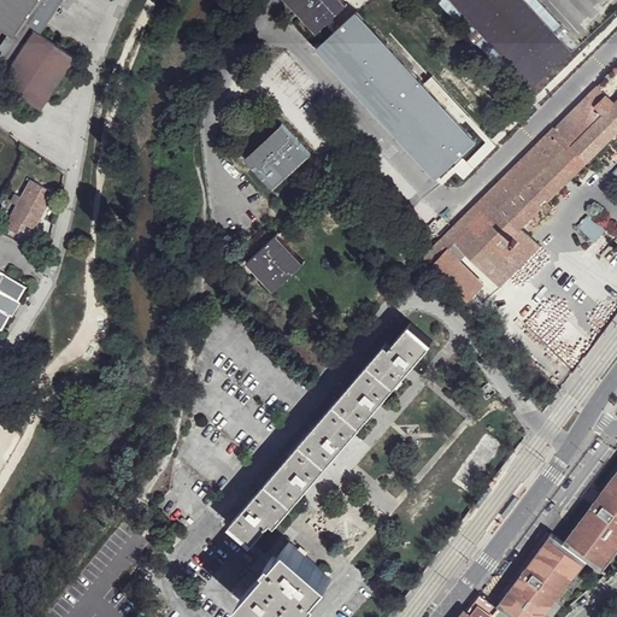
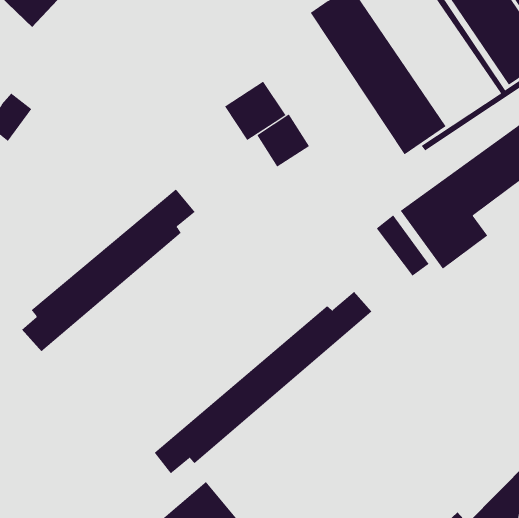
building: none -> [256,114,310,168]
building: [246,236,304,294] -> none
building: none -> [21,188,195,352]

